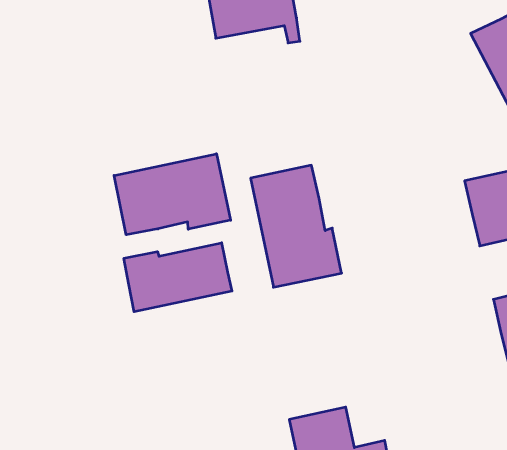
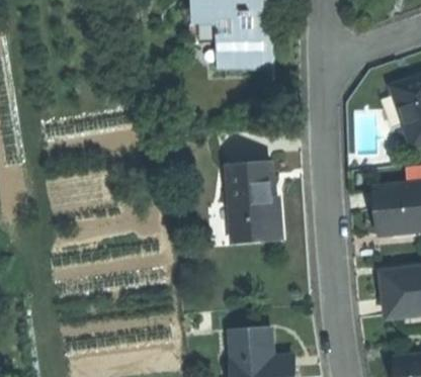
building: [114,154,231,235] -> none
building: [124,243,232,312] -> none

